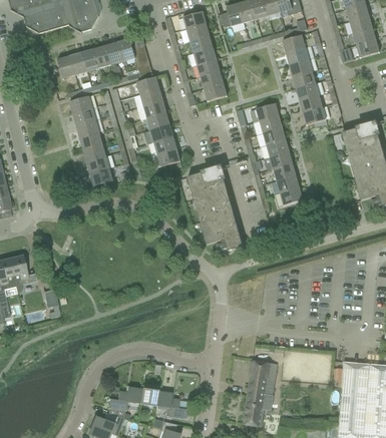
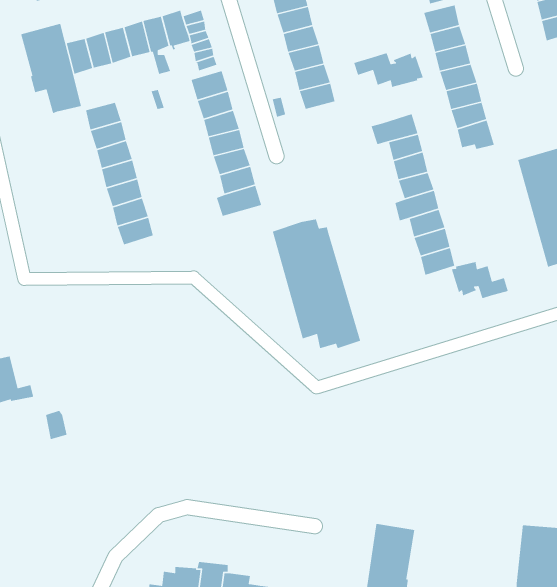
building: none -> [20,23,82,114]
building: none -> [353,52,424,88]
building: none -> [451,261,509,299]

